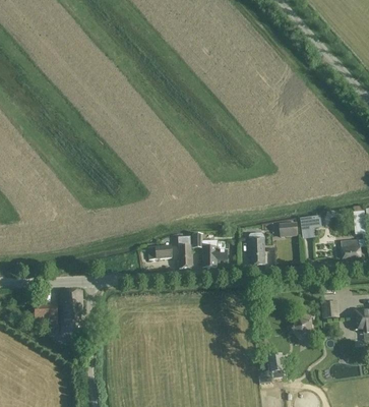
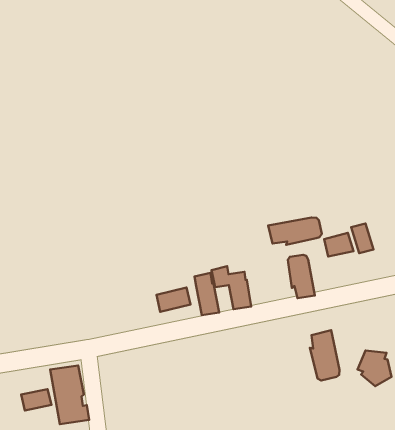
building: none -> [268,217,322,245]
building: none -> [310,330,339,381]

